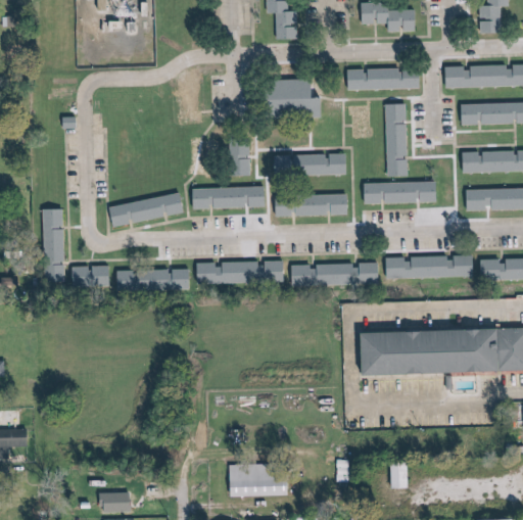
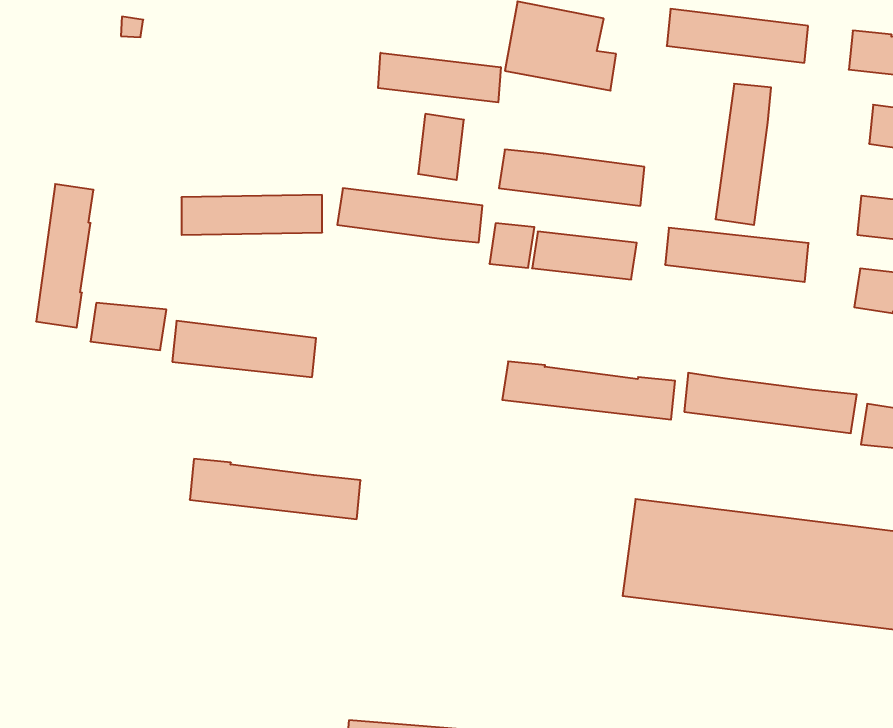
building: none -> [378,53,501,102]
building: [196,262,285,285] -> [190,459,361,519]

